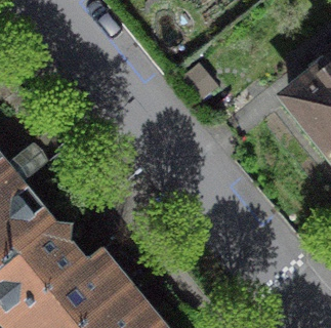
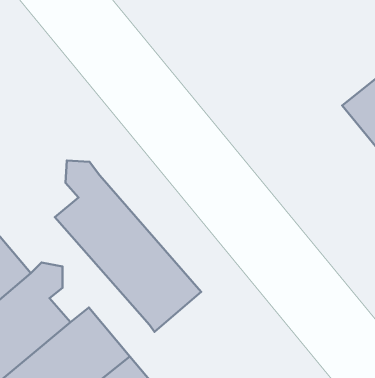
building: none -> [55,161,201,332]

